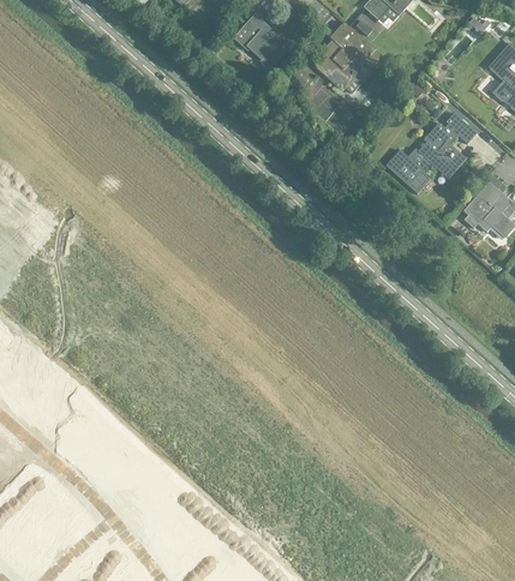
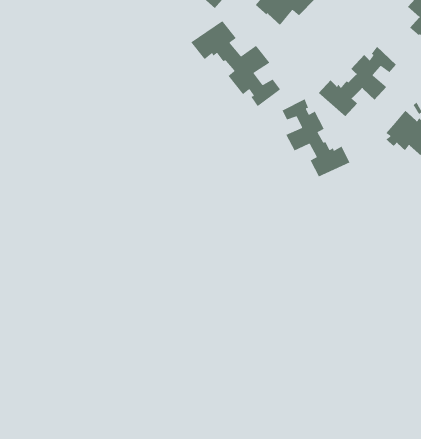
building: none -> [190,20,281,107]
building: none -> [281,98,351,177]

